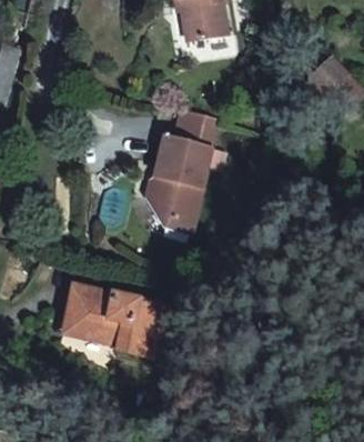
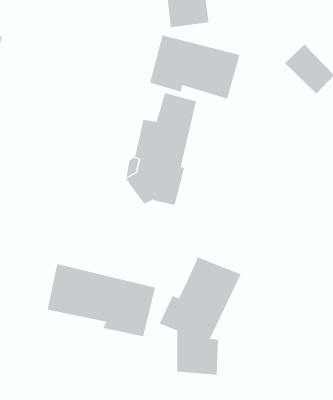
building: none -> [150,35,240,99]
building: none -> [159,256,241,376]

